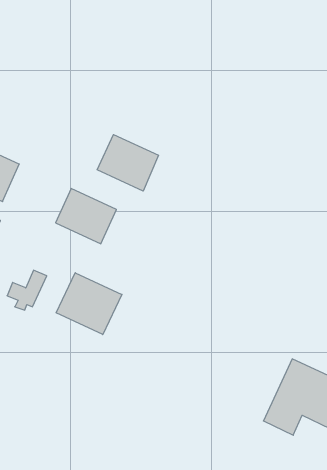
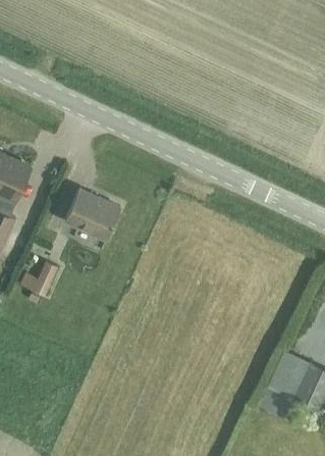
building: [97,135,159,191] -> none
building: [56,273,122,335] -> none

